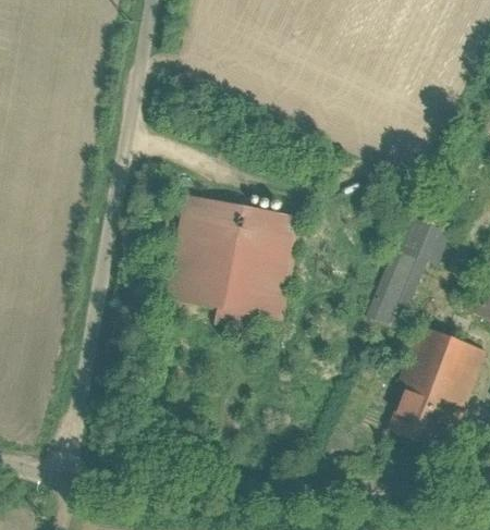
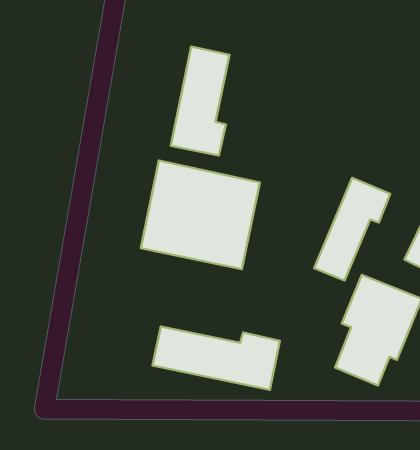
building: none -> [171,46,229,156]
building: none -> [152,327,280,390]

